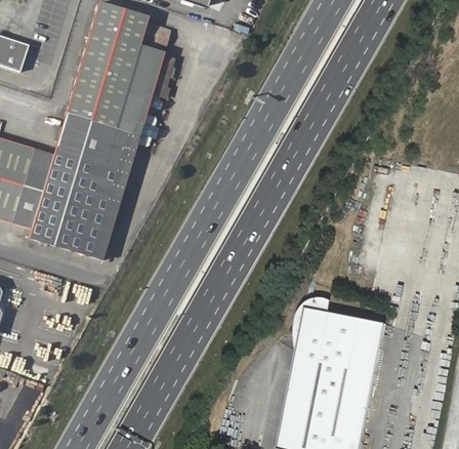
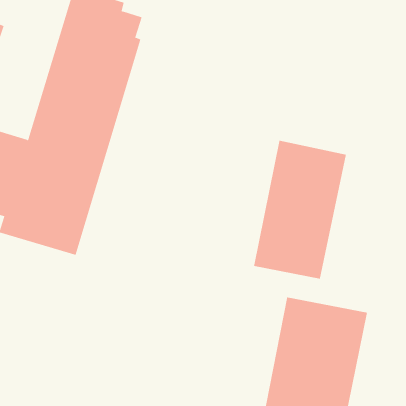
building: none -> [253,140,346,279]

